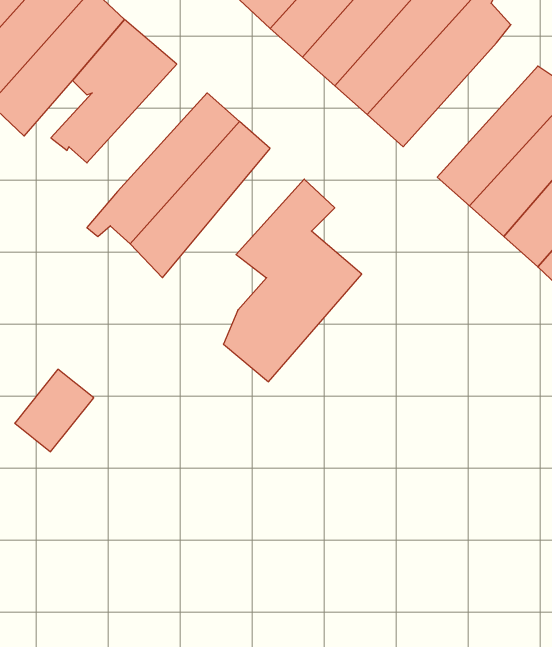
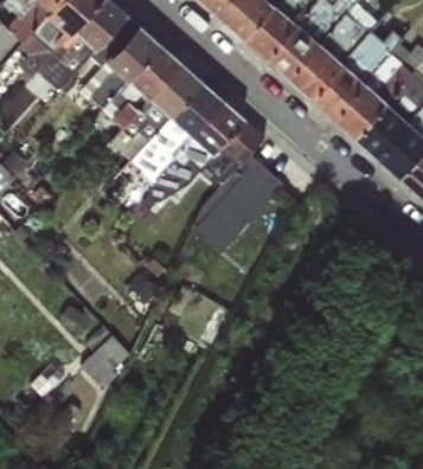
building: none -> [308,30,400,118]
building: none -> [100,44,179,128]
building: none -> [145,99,243,203]
building: [15,369,94,452] -> [83,330,135,385]

